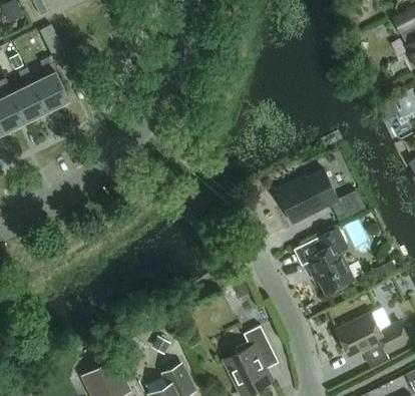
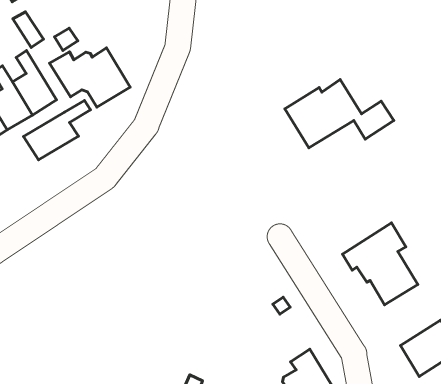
building: none -> [49,48,130,107]
building: none -> [24,100,91,160]
building: [275,169,364,224] -> [285,79,394,148]

